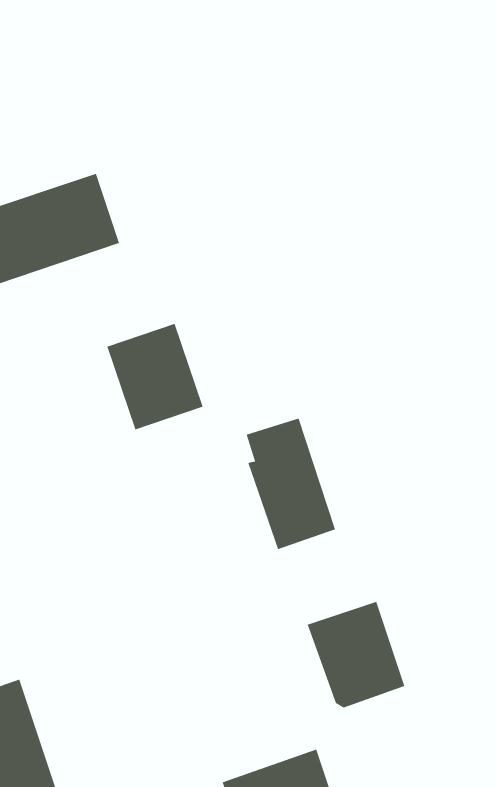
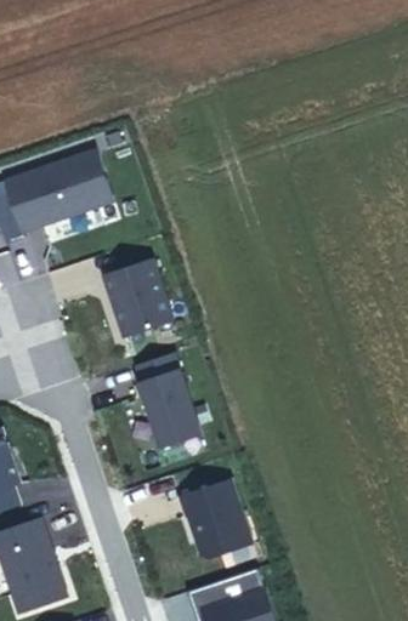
building: [246,418,336,550] -> [136,353,202,449]
building: [307,601,405,708] -> [180,480,251,558]

